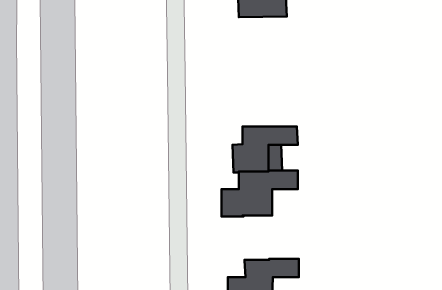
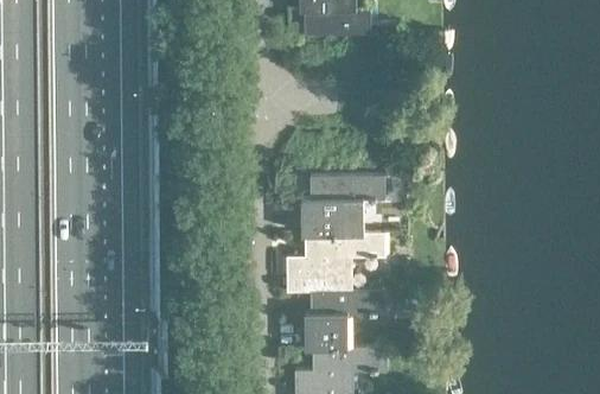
building: none -> [304,290,385,349]

